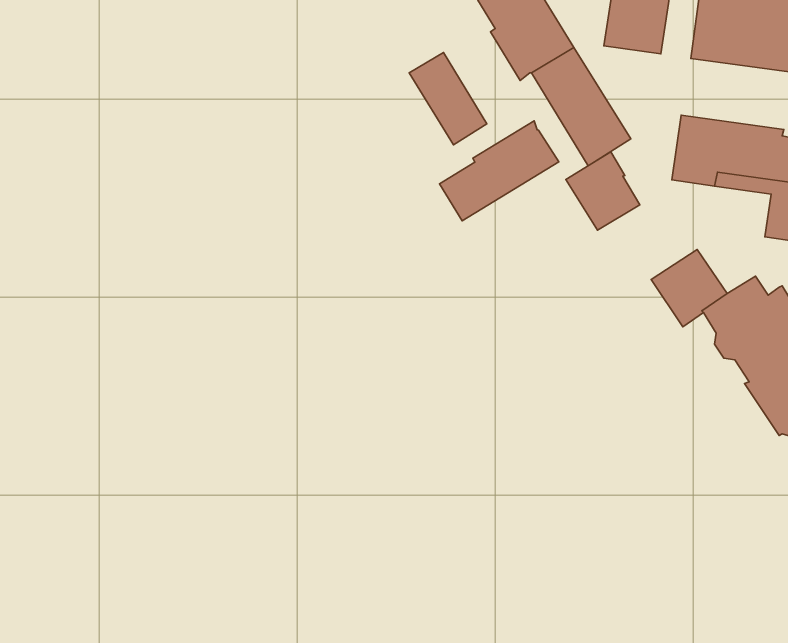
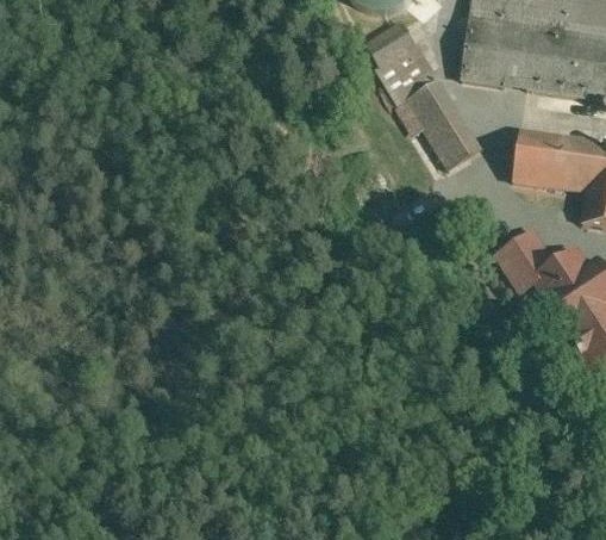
building: [409,52,487,145] -> none
building: [439,121,559,221] -> none
building: [566,152,640,230] -> none

